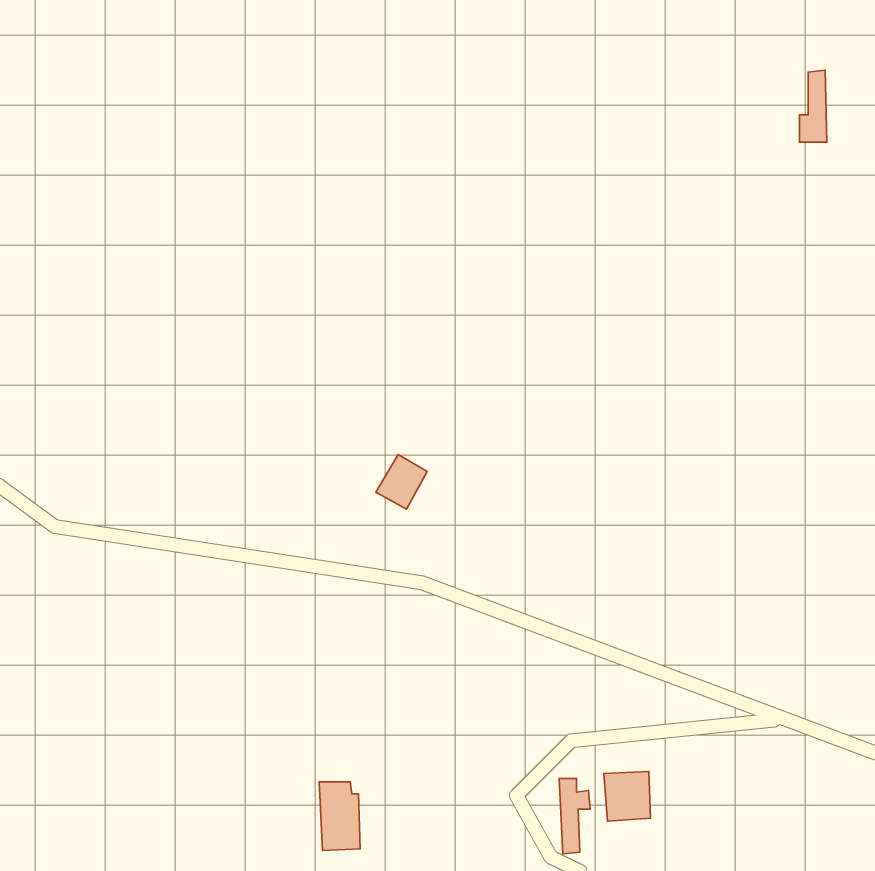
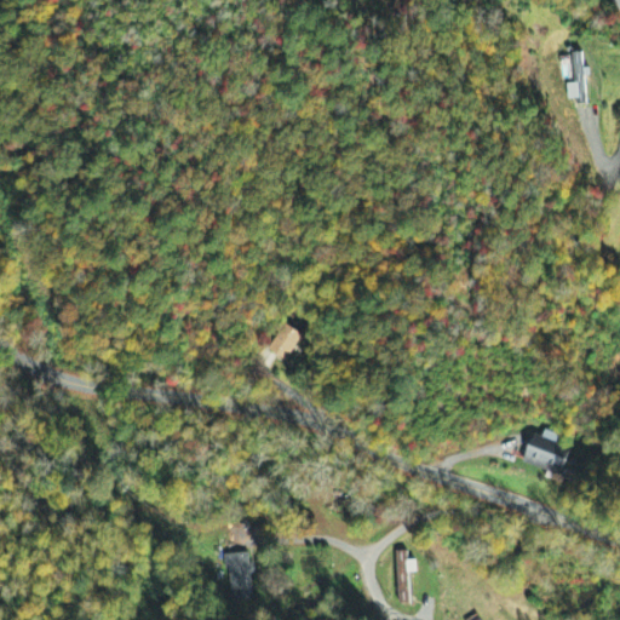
building: none -> [523,426,569,473]
building: [604,772,650,821] -> none

